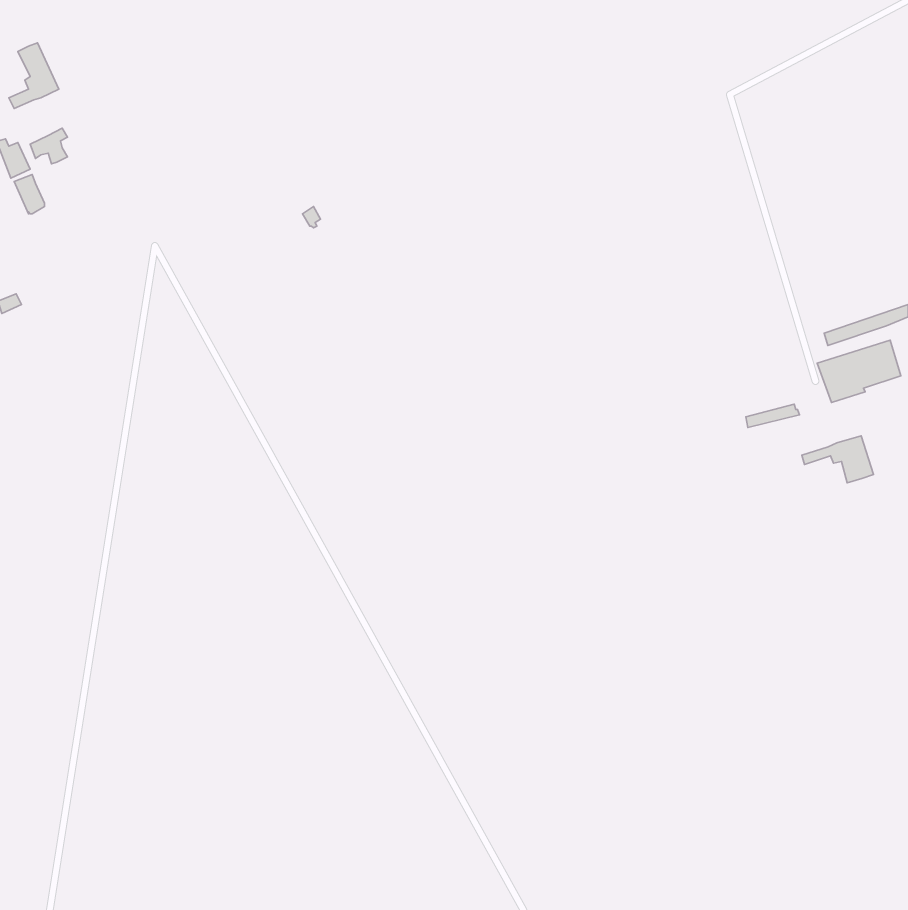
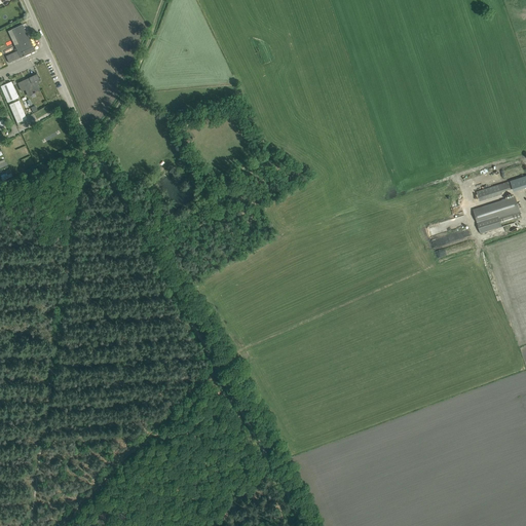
building: [802,436,873,483] -> none

